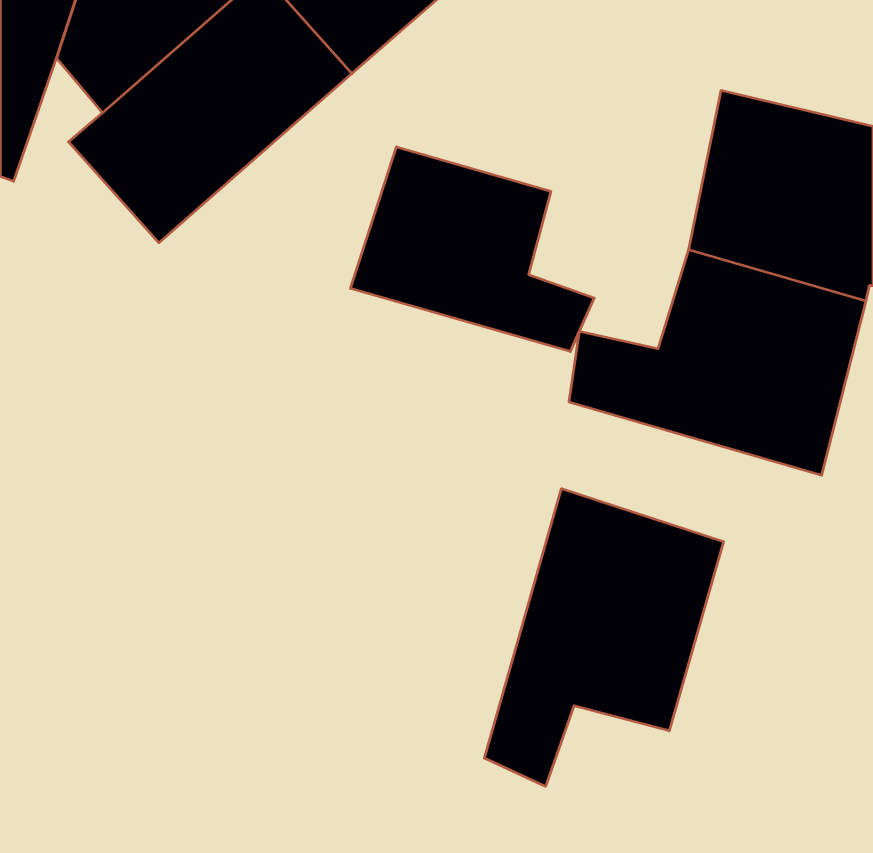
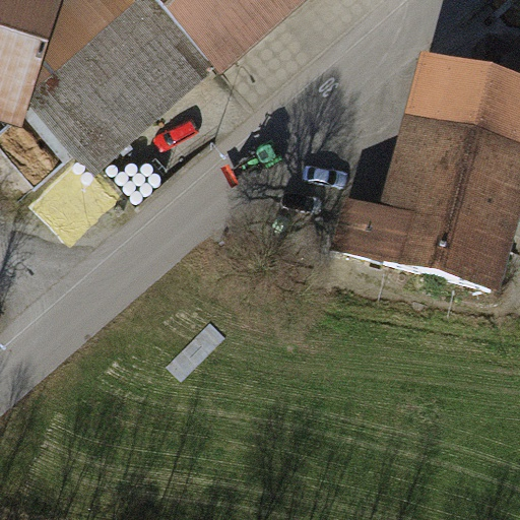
building: [351,147,594,352] -> none
building: [484,489,724,786] -> none

